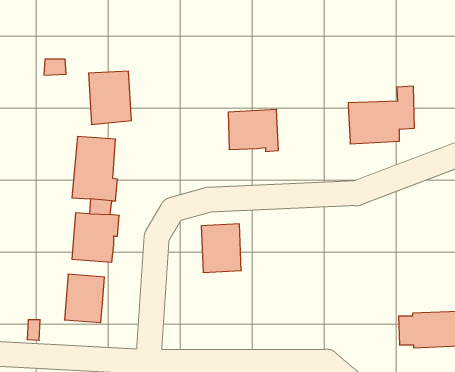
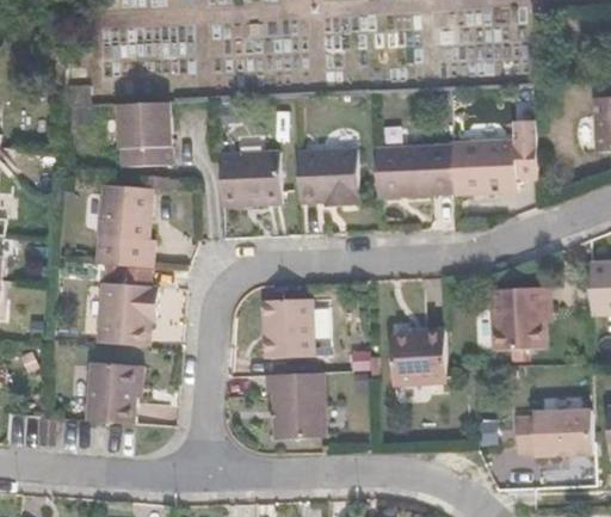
building: none -> [375,146,453,196]
building: none -> [220,152,282,207]
building: none -> [490,287,550,351]
building: none -> [389,328,446,386]
building: none -> [266,373,323,439]

